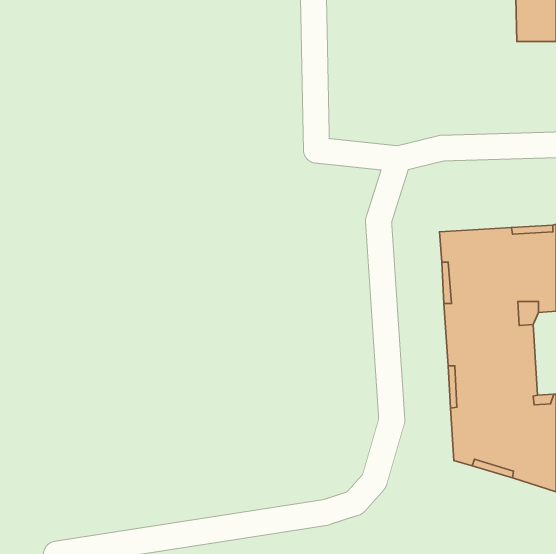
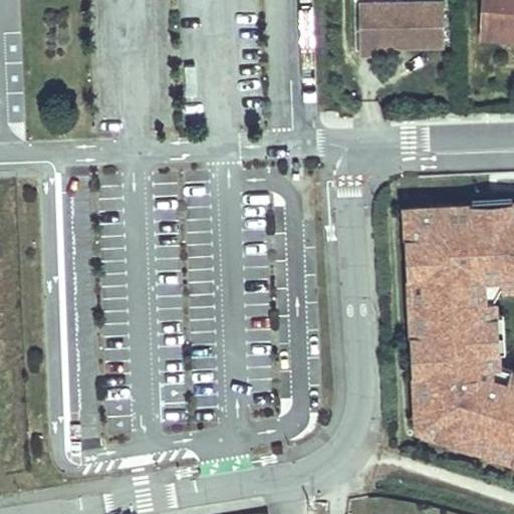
building: none -> [355,4,443,58]

